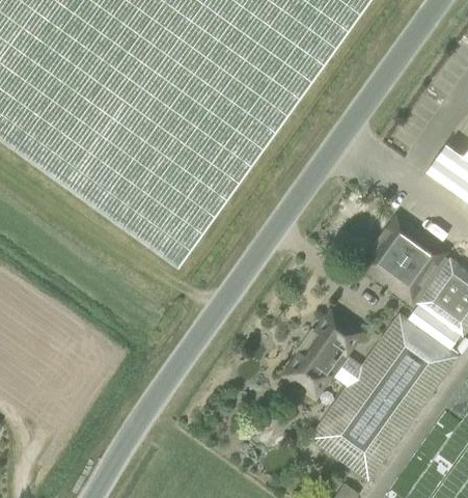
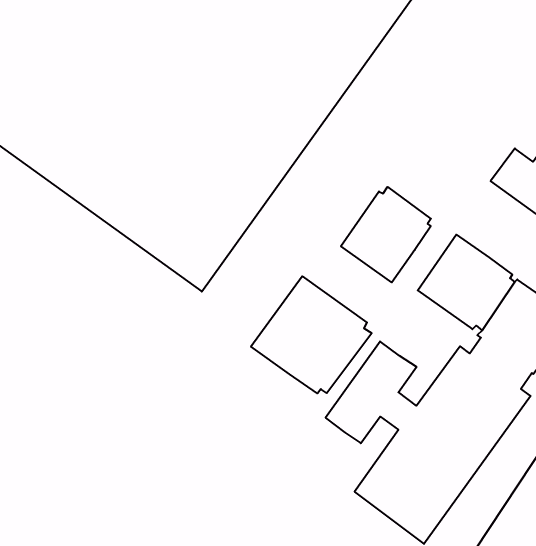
building: none -> [341,187,431,282]
building: none -> [251,276,372,393]

